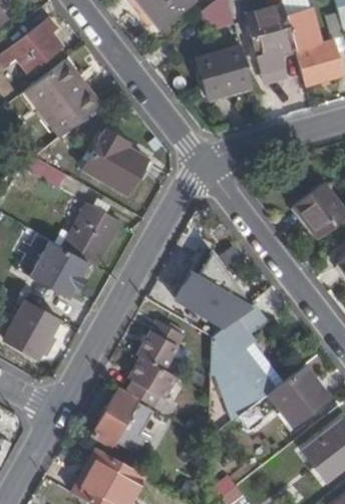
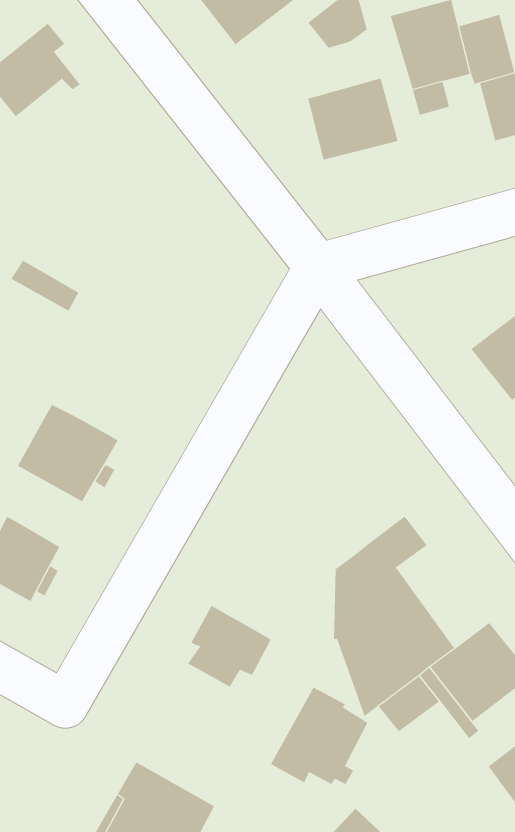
building: [25,60,99,135] -> none
building: [81,130,148,191] -> none
building: [63,203,120,265] -> none
building: [176,251,253,328] -> none
building: [140,320,186,370] -> none
building: [93,391,150,448] -> [270,687,368,785]

